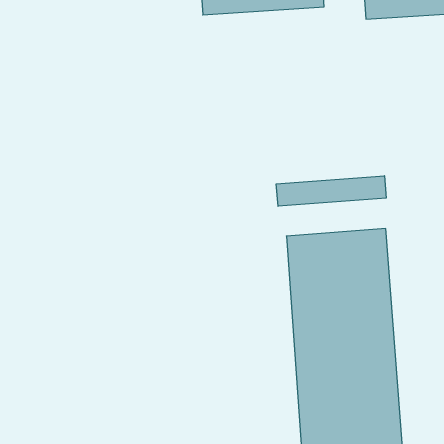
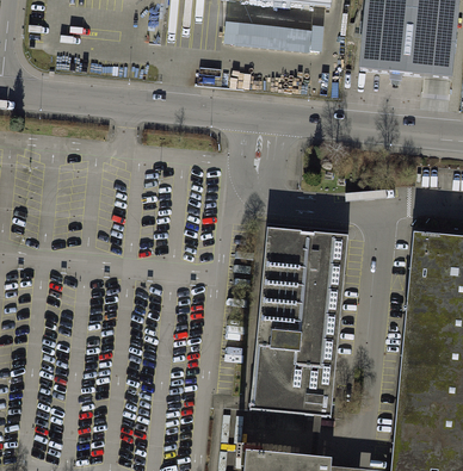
building: [276,176,386,206] -> none

